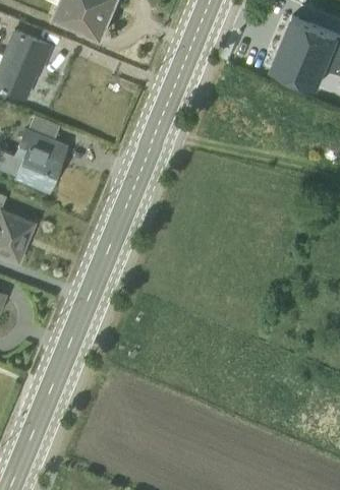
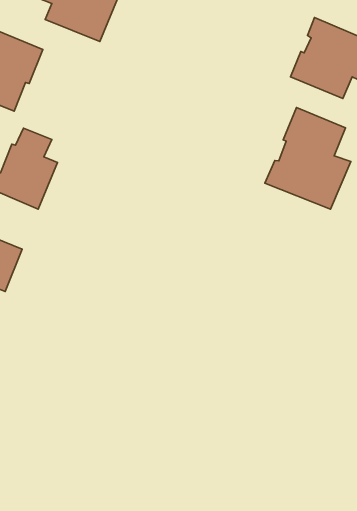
building: none -> [265,108,351,209]

